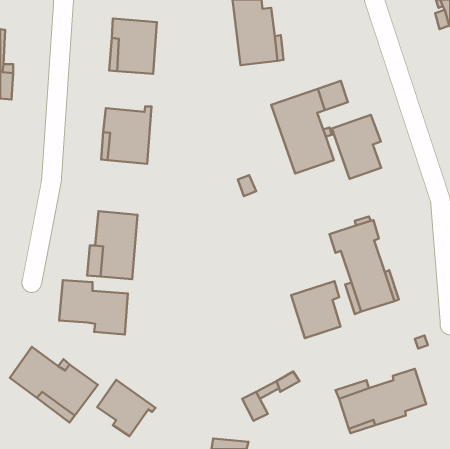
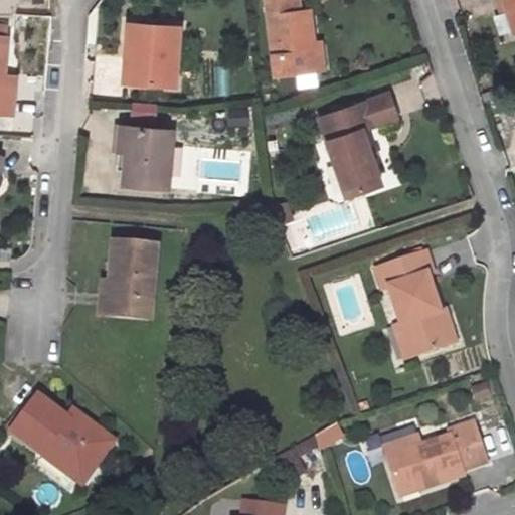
building: [332,115,381,179] -> none
building: [59,280,128,335] -> none
building: [291,281,340,338] -> none
building: [97,380,155,436] -> none

